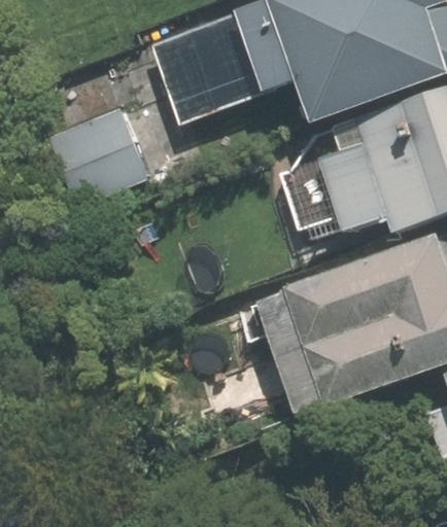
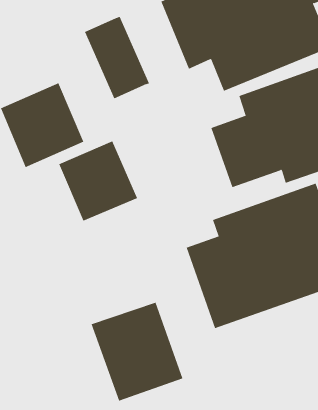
building: none -> [58,141,138,221]
building: none -> [91,302,183,402]

